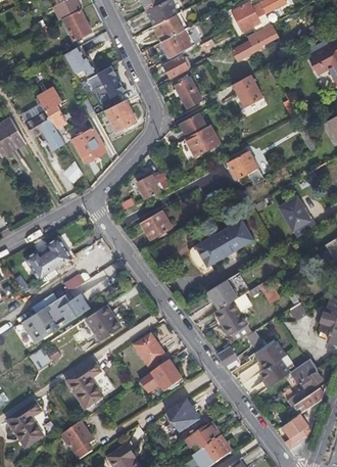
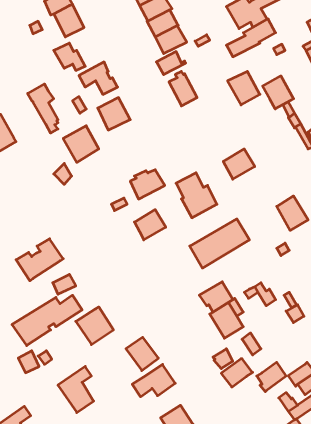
building: none -> [263,76,294,109]
building: [21,104,65,150] -> none
building: [180,112,220,156] -> [176,173,217,218]
building: [255,341,286,369] -> [221,359,253,387]

